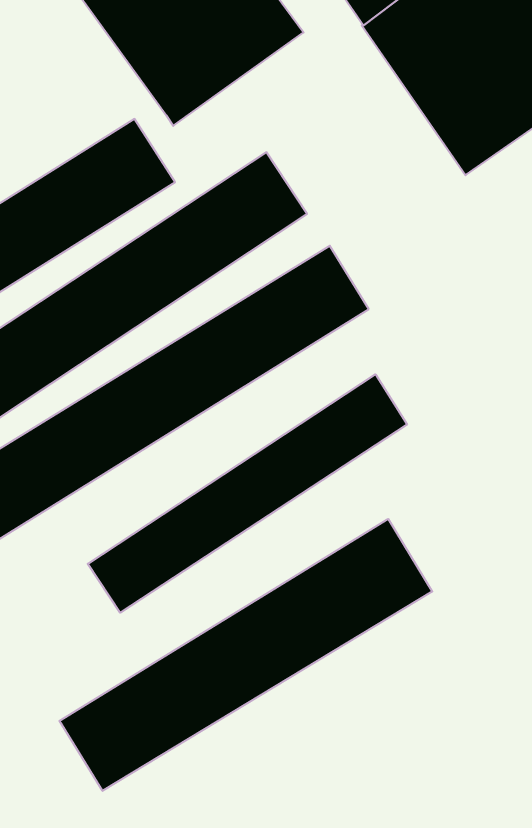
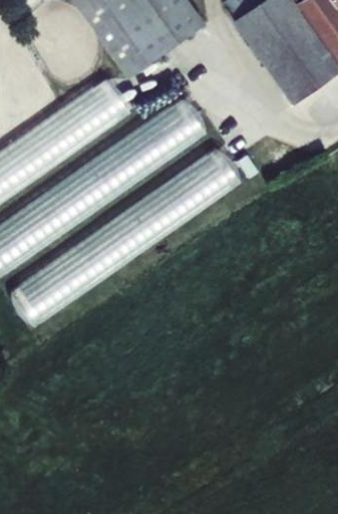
building: [88,374,407,613] -> none
building: [59,519,432,791] -> none

